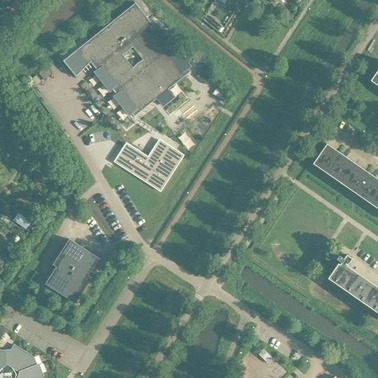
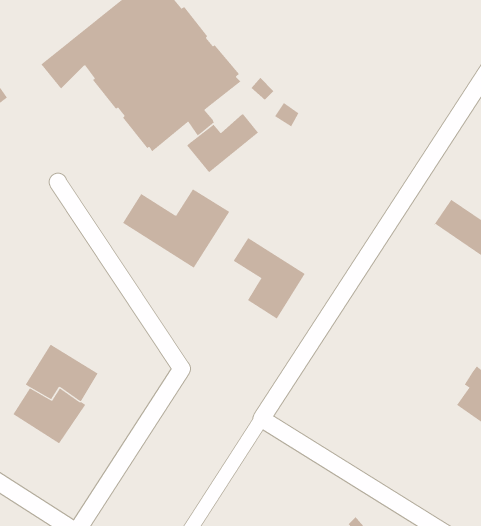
building: none -> [187,114,259,173]
building: none -> [233,237,305,319]

